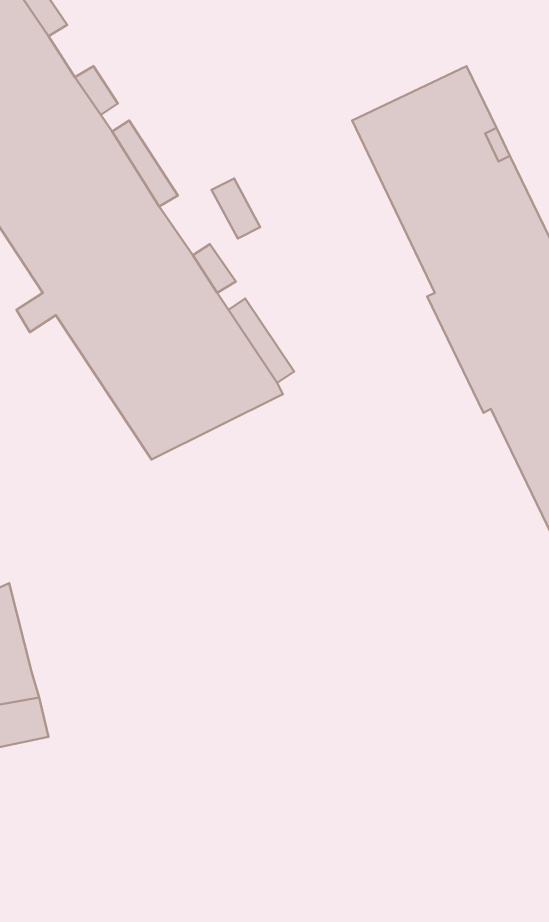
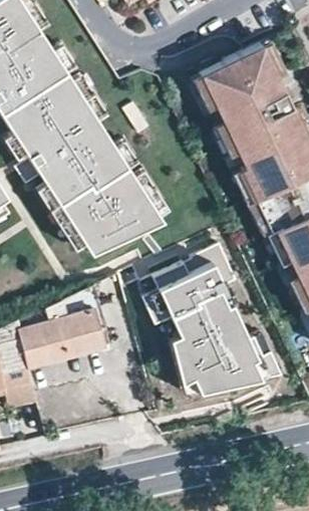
building: none -> [139,247,281,397]
building: none -> [16,289,111,371]

